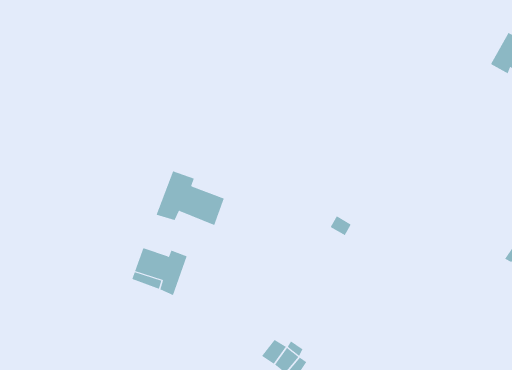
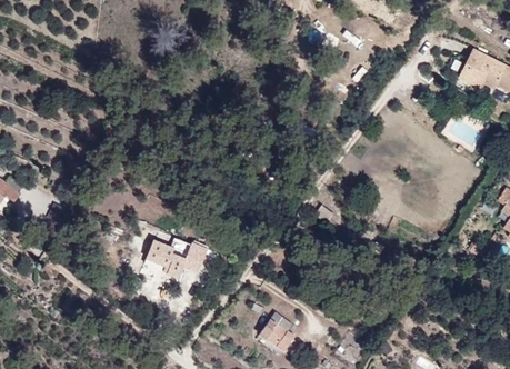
building: [156,171,225,226] -> none

